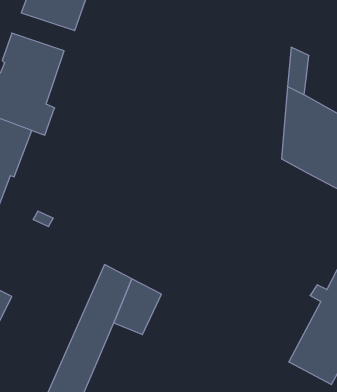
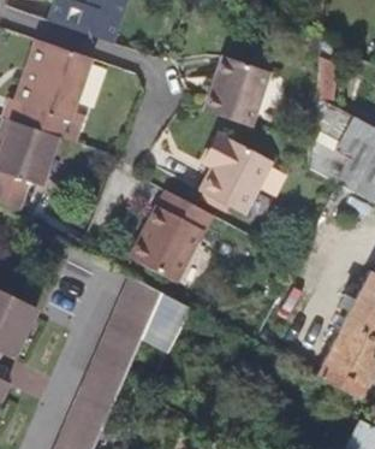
building: none -> [204,55,270,124]
building: none -> [203,136,276,215]
building: none -> [131,190,215,280]

